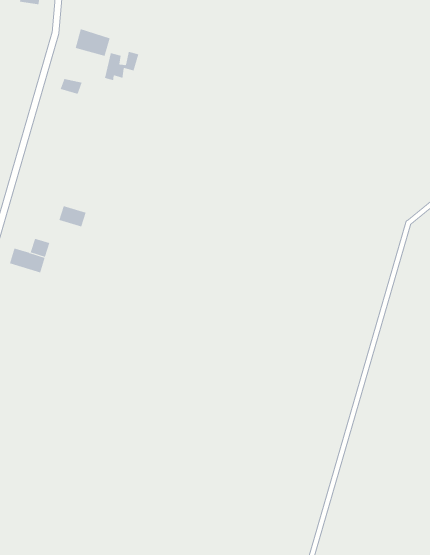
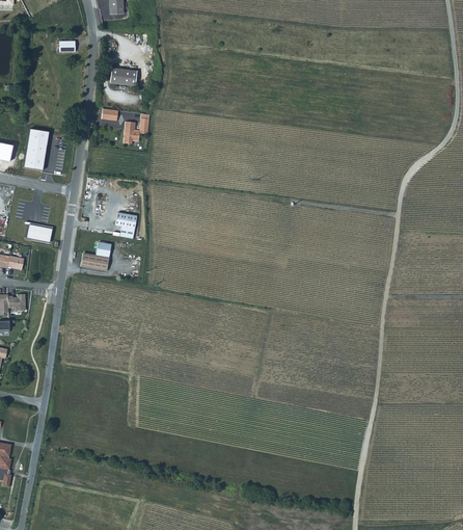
building: [104,51,139,81] -> [124,117,149,143]

